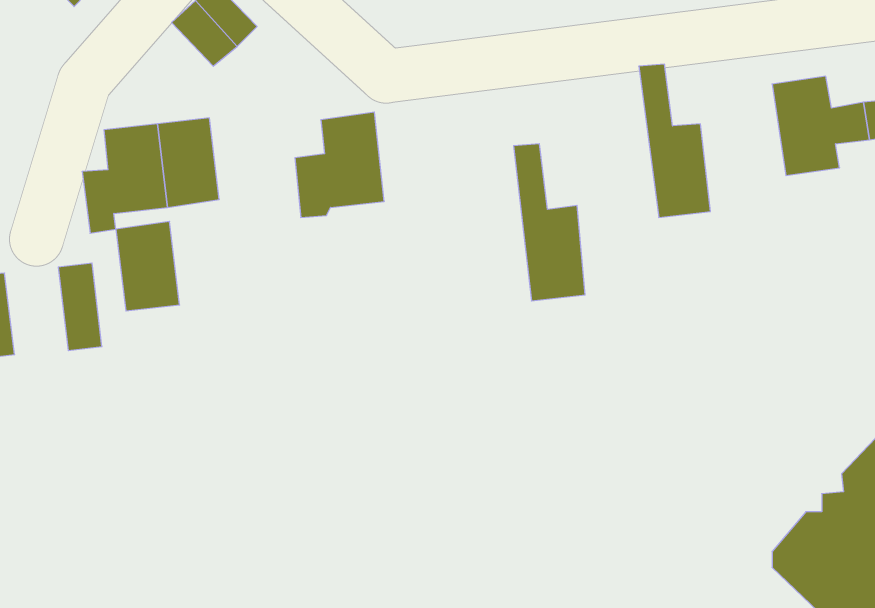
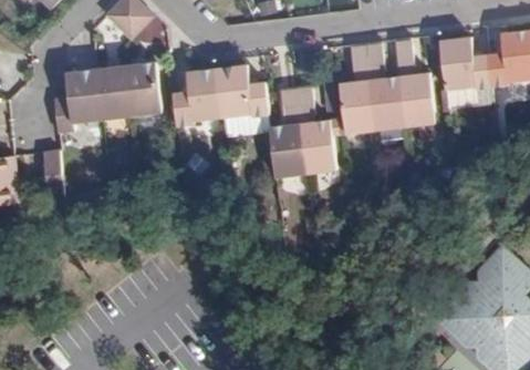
building: none -> [395,35,433,121]
building: none -> [340,40,376,129]
building: none -> [218,62,269,115]
building: none -> [270,84,305,174]
building: [116,221,180,311] -> [126,64,162,114]

